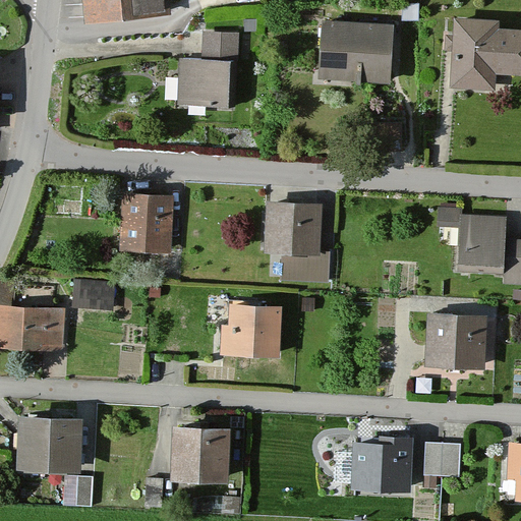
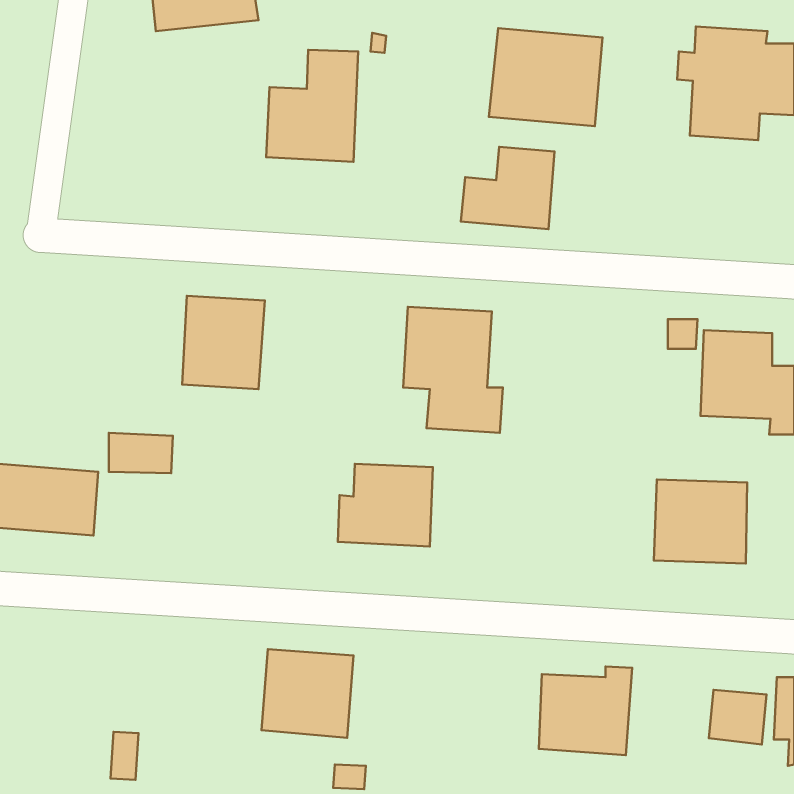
building: none -> [461,147,554,229]
building: [17,415,85,470] -> none
building: [420,445,458,480] -> [709,690,766,744]

